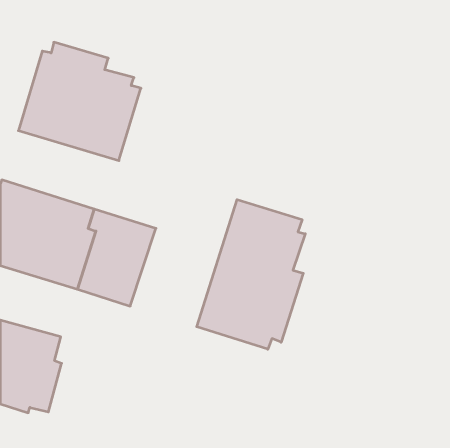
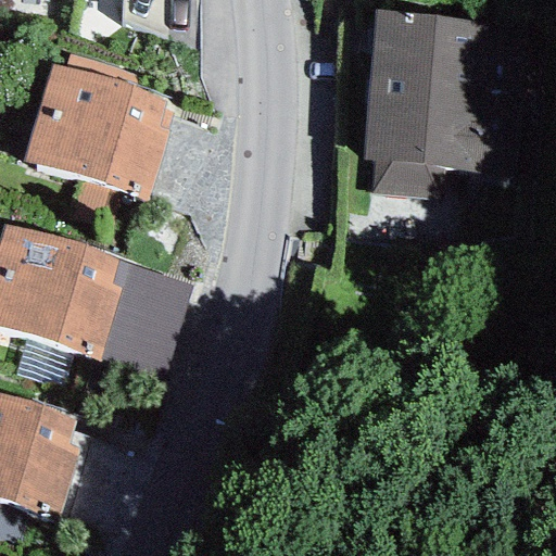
building: none -> [362,9,507,198]
building: [197,200,305,349] -> none

